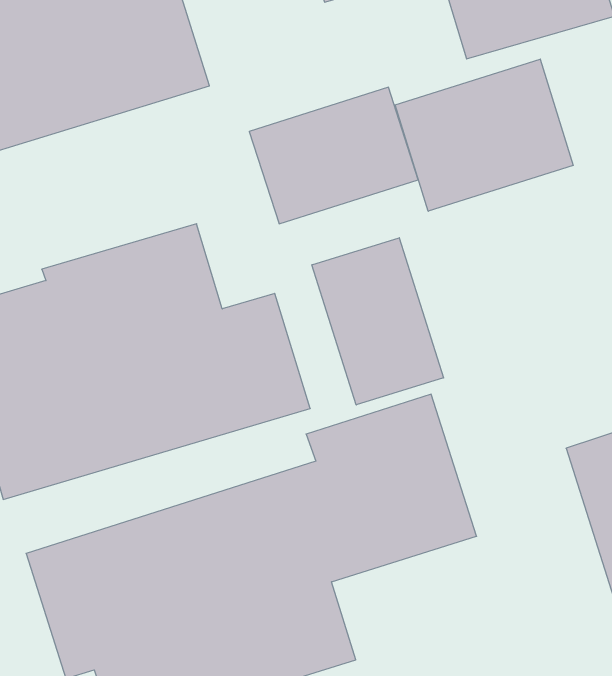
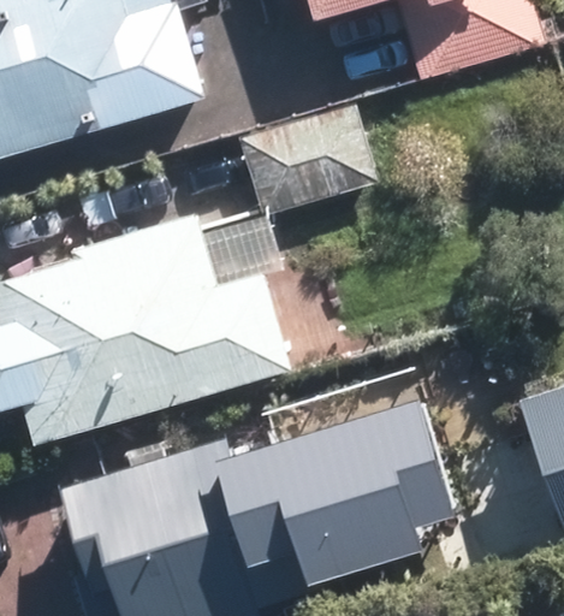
building: [395,59,573,211] -> none
building: [312,238,444,405] -> none

